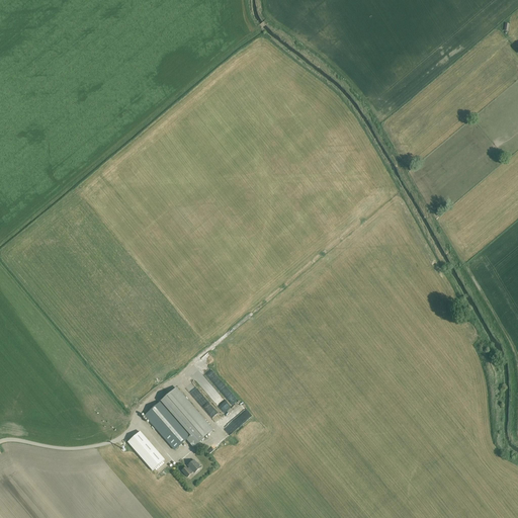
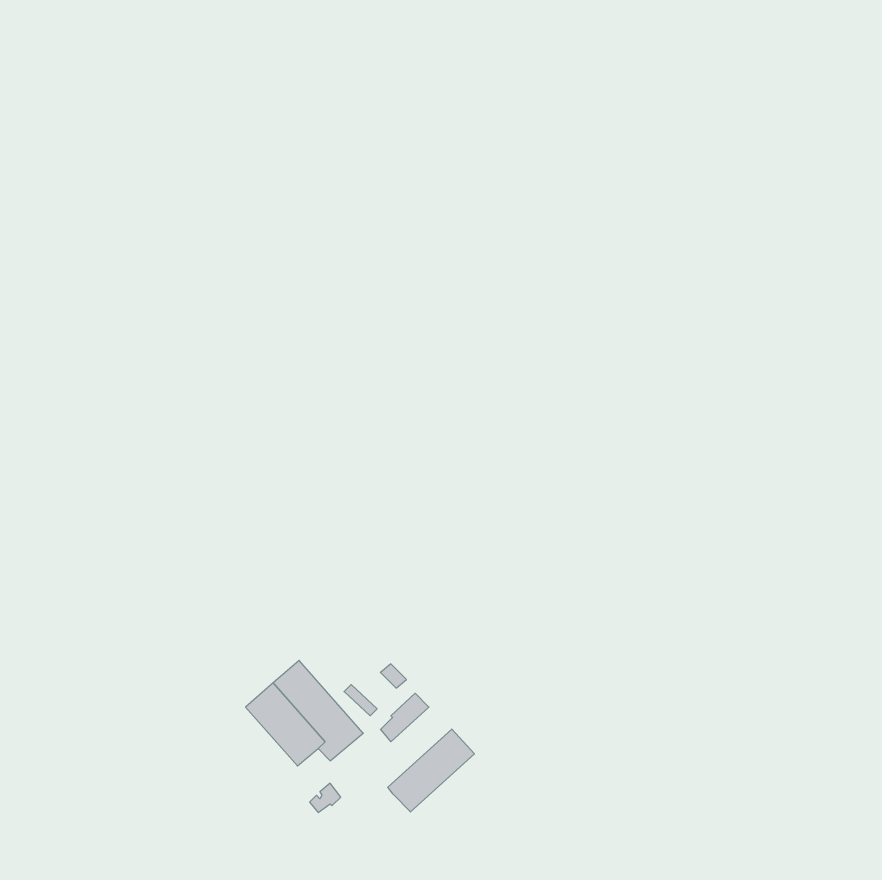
building: none -> [388,729,474,812]
building: [126,430,164,469] -> none

